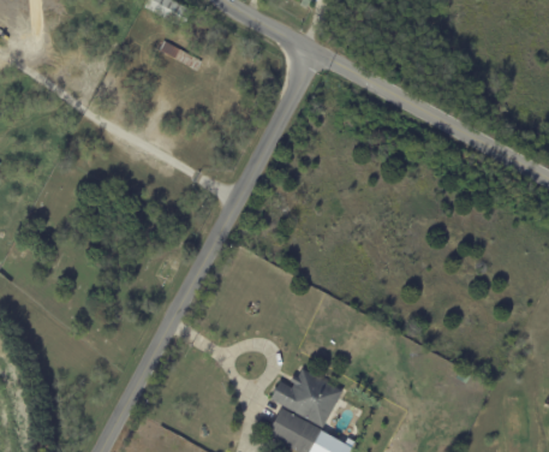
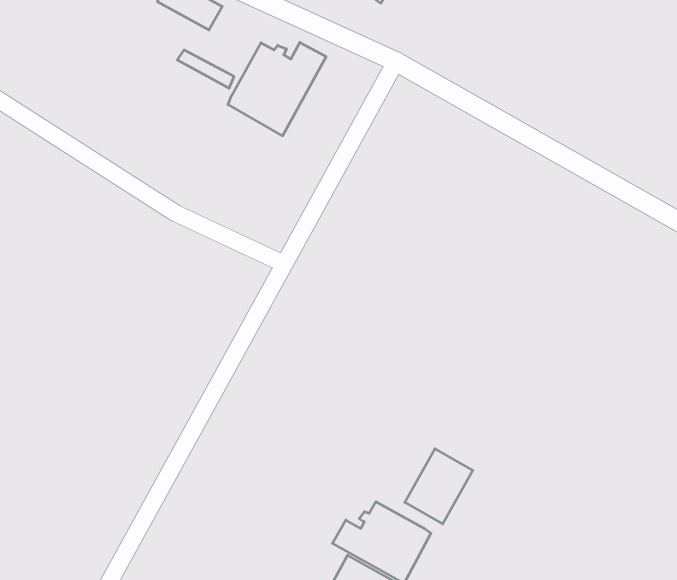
building: none -> [228,42,326,136]
building: none -> [405,449,473,524]

